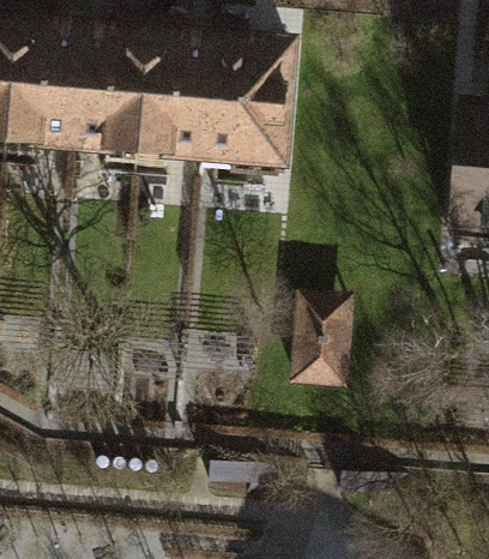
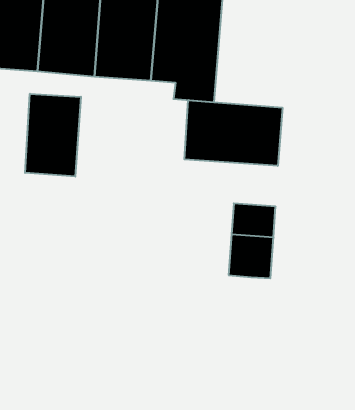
building: none -> [25,94,81,177]
building: none -> [184,100,282,166]

